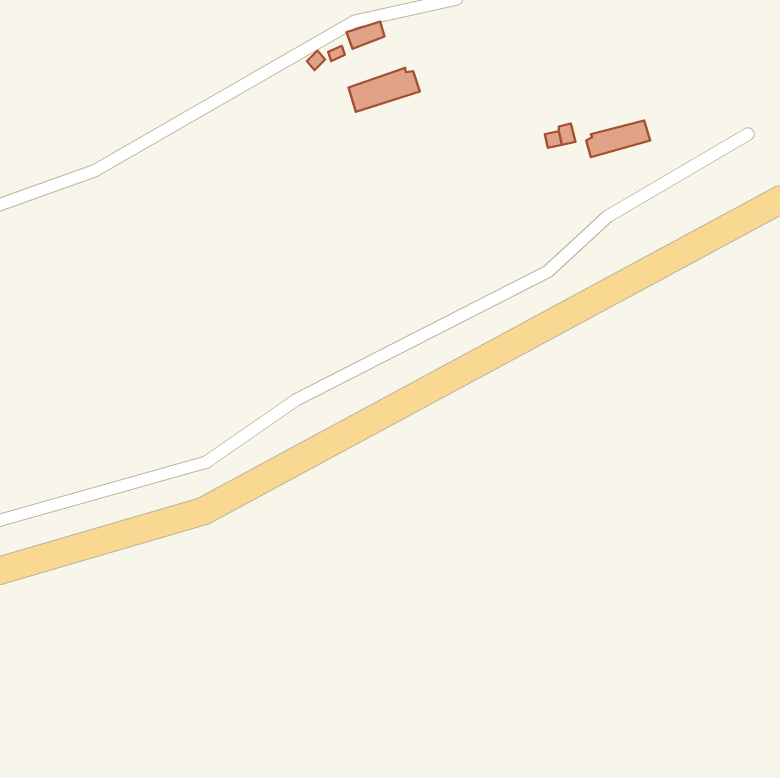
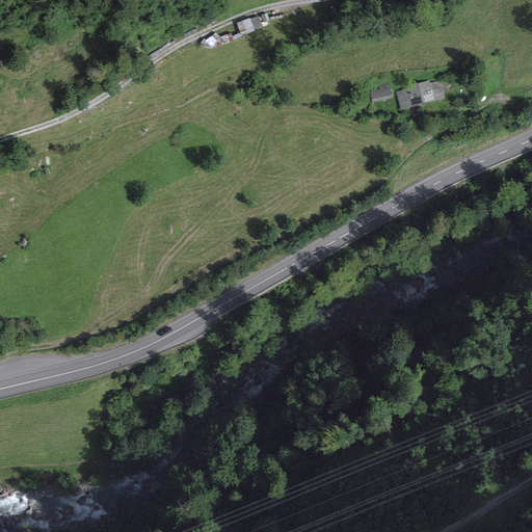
building: [349,68,420,112] -> none

